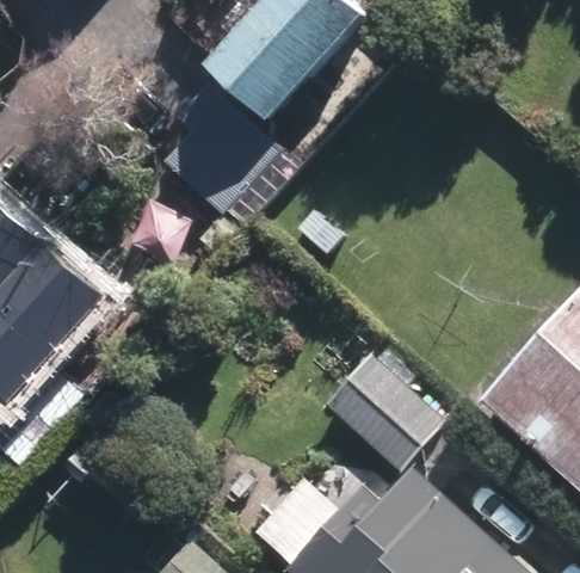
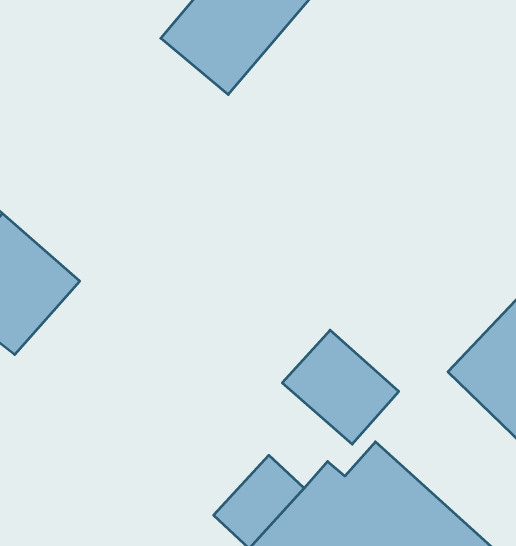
building: [146,84,285,221] -> none

